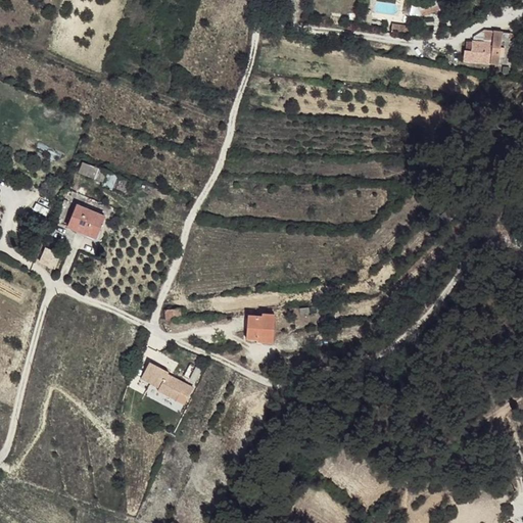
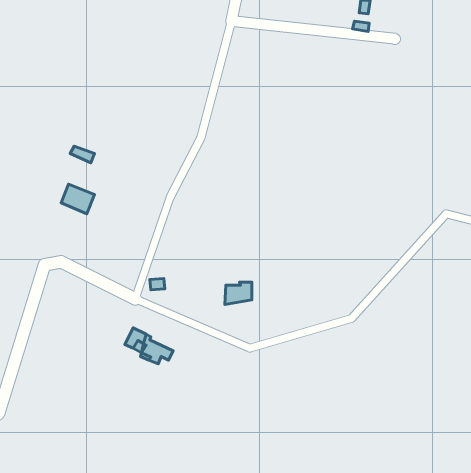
building: [462,34,509,68] -> none

